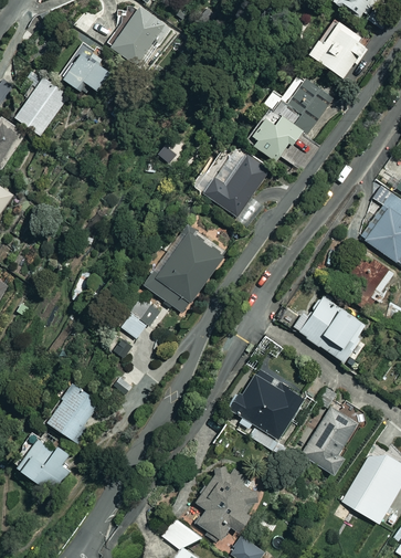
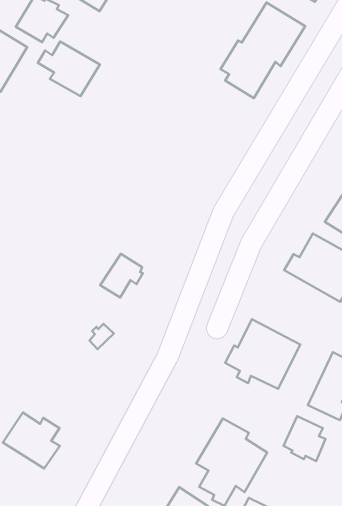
building: none -> [38,41,100,96]
building: [194,148,270,227] -> none
building: [145,228,225,313] -> none
building: [45,381,103,440] -> none
building: none -> [284,416,325,461]

